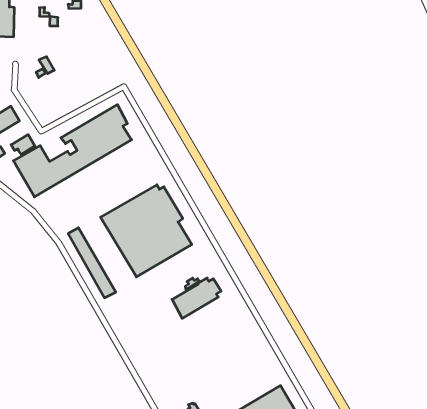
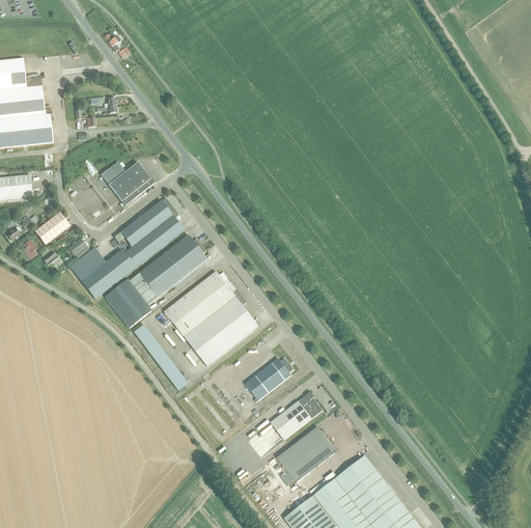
building: none -> [101,163,153,206]
building: none -> [104,235,206,329]
building: none -> [270,391,322,440]
building: none -> [276,427,336,483]

